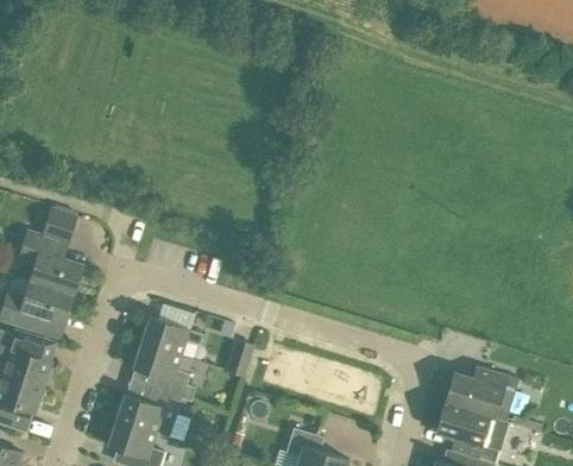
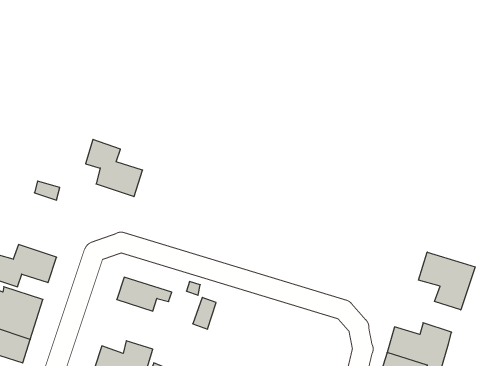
building: [18,231,82,295] -> [86,139,143,197]
building: none -> [419,252,475,310]
building: [132,342,195,402] -> none

